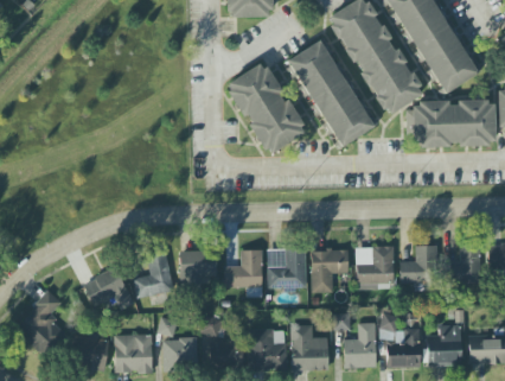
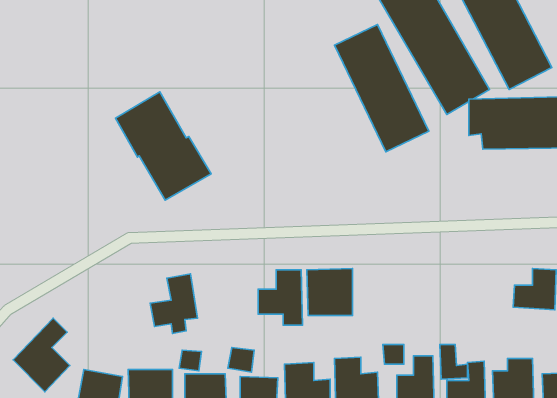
building: [225,62,307,154] -> [115,92,211,200]
building: [356,246,395,284] -> none
building: [399,246,437,284] -> none
building: [311,249,349,293] -> none
building: [180,252,215,291] -> none
building: [83,267,134,310] -> none

